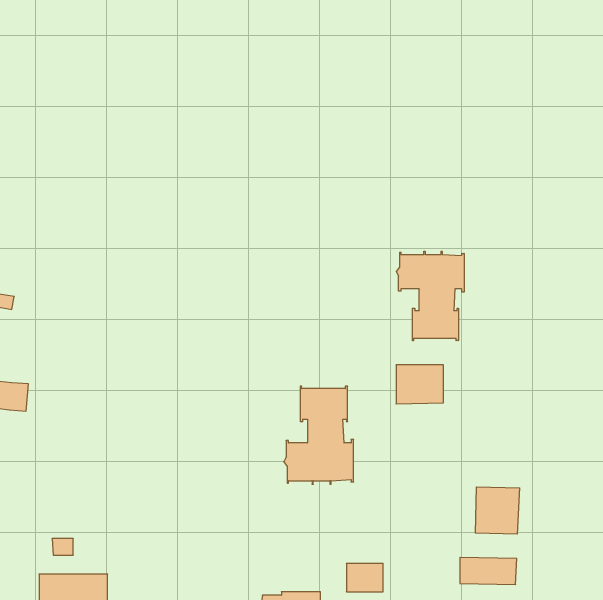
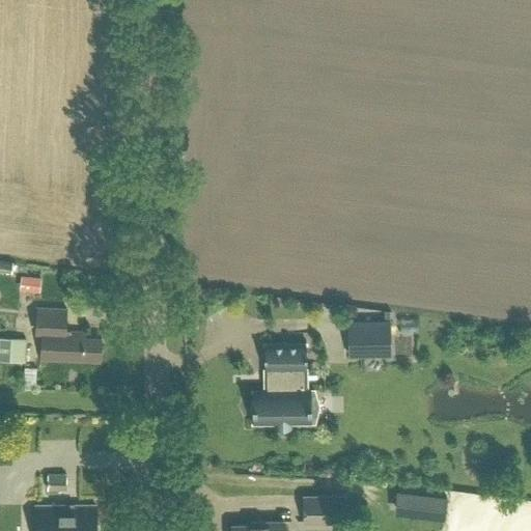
building: [396,251,464,341] -> none
building: none -> [35,309,99,363]
building: [475,487,520,534] -> none

